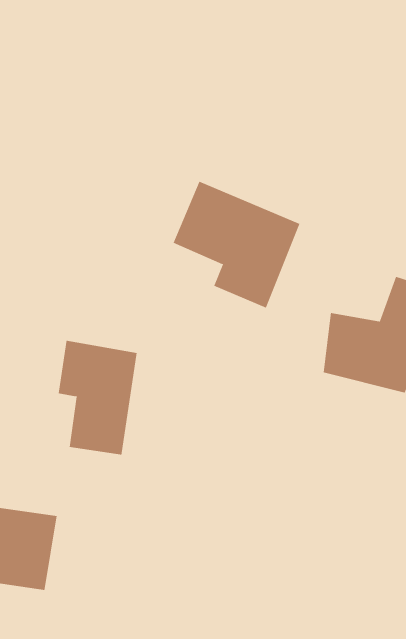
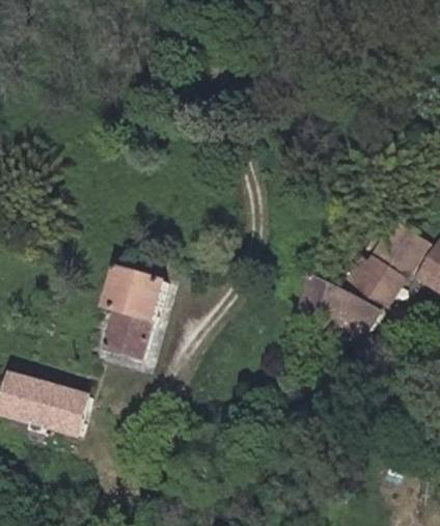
building: [173,181,300,308] -> none

